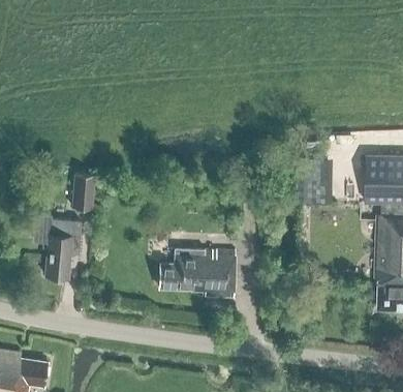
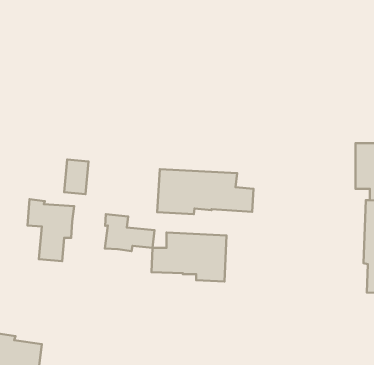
building: none -> [157,169,254,214]
building: none -> [105,214,154,251]

